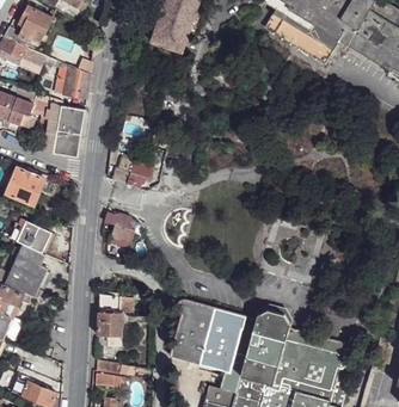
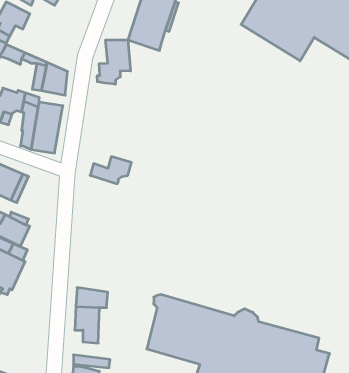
building: none -> [97,40,131,84]
building: [105,214,136,243] -> none

